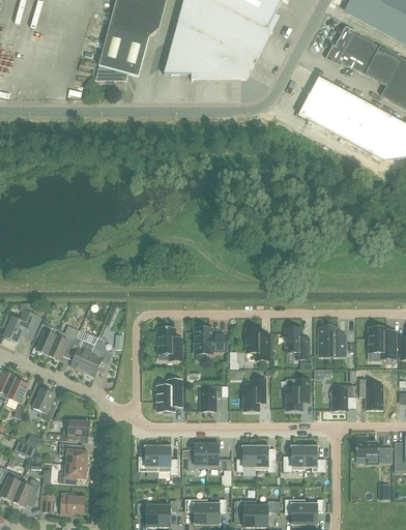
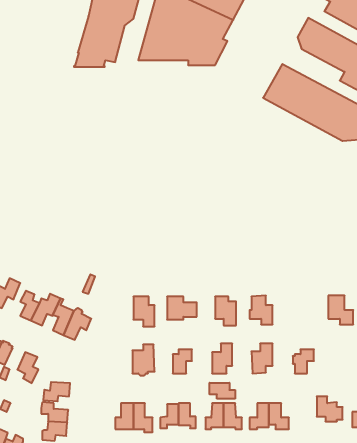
building: [317,326,346,356] -> none
building: [358,385,382,410] -> none
building: none -> [210,383,235,399]

